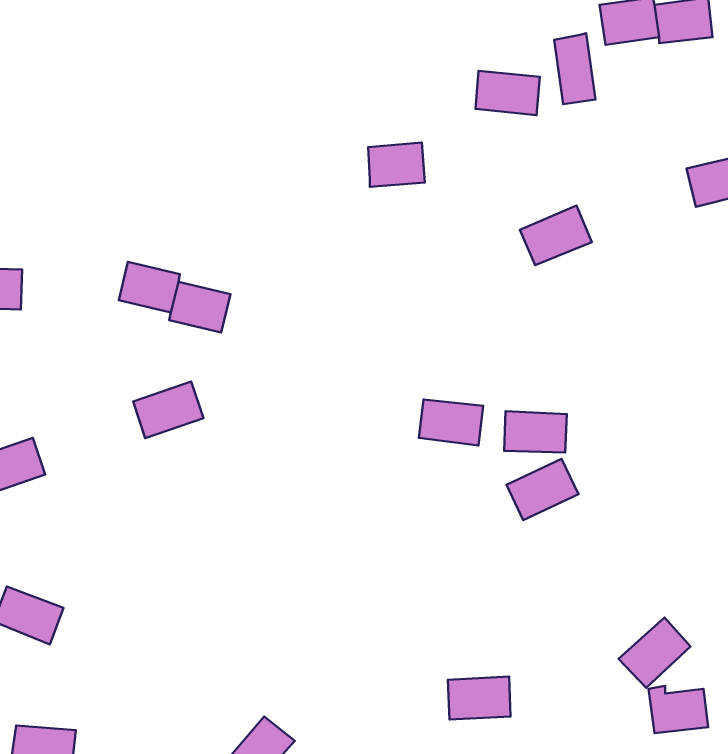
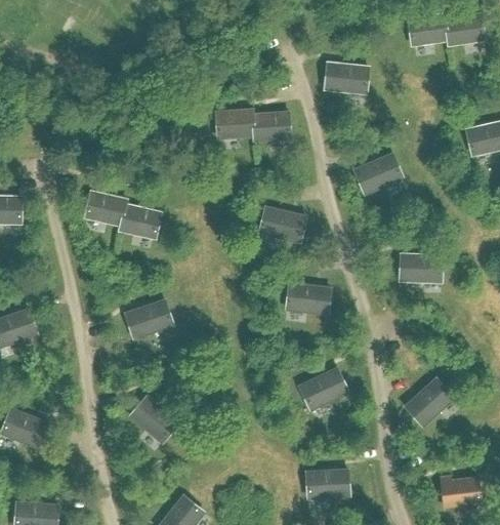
building: [554,33,596,104] -> none
building: none -> [216,110,254,139]
building: none -> [260,207,305,242]
building: [133,382,203,438] -> [126,300,173,338]
building: [504,411,567,453] -> [400,254,442,282]
building: [506,459,578,520] -> [300,368,348,409]
building: none -> [130,396,178,443]
building: [619,617,691,688] -> [405,378,453,426]

